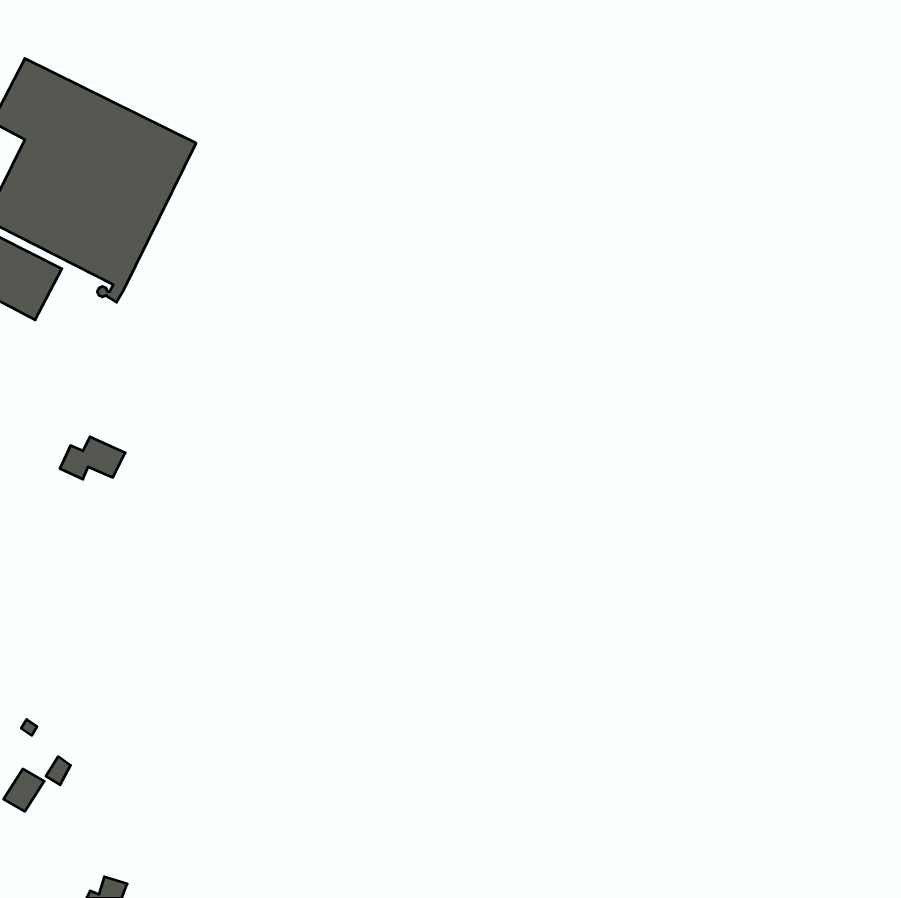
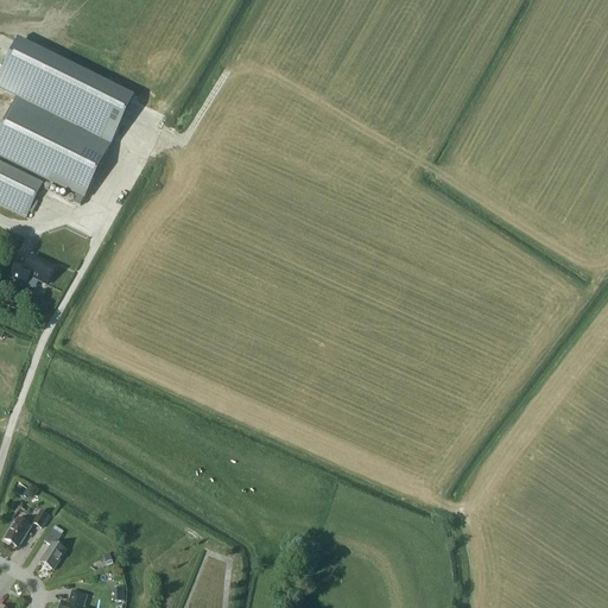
building: [60,437,125,479] -> [10,254,53,283]
building: none -> [39,524,64,568]

